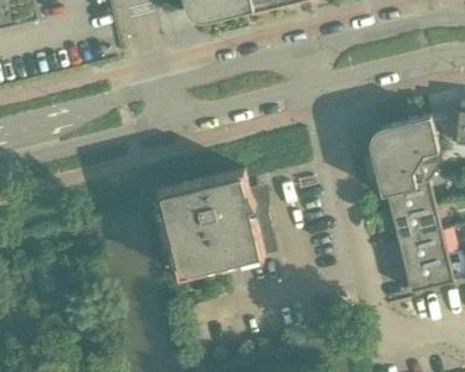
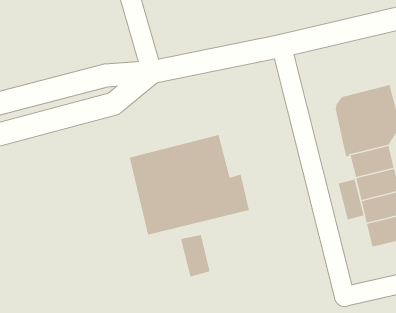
building: none -> [338,179,364,220]
building: none -> [180,234,210,277]

